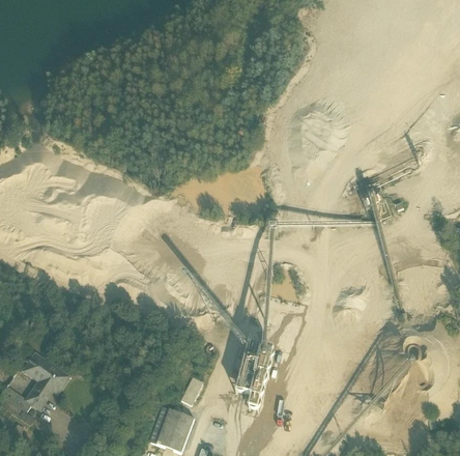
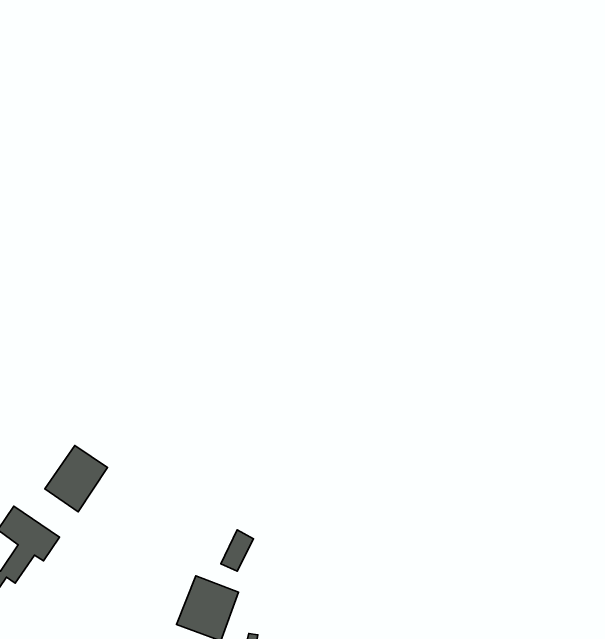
building: none -> [45,445,108,512]

